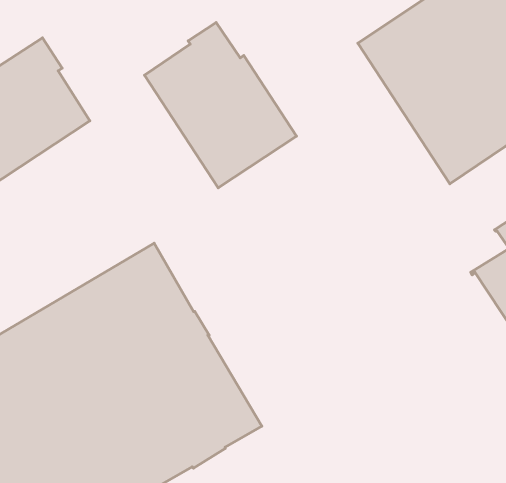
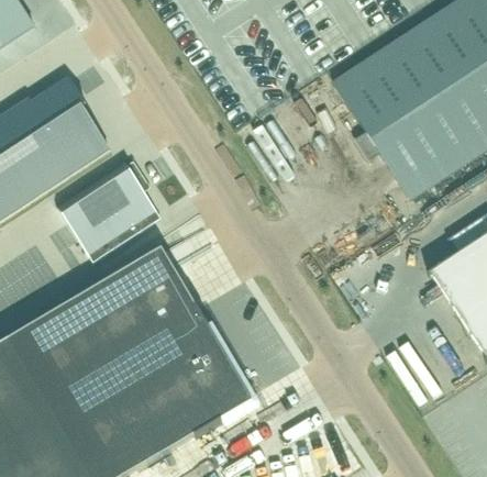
building: [145,22,297,188] -> none
building: none -> [57,160,161,260]

